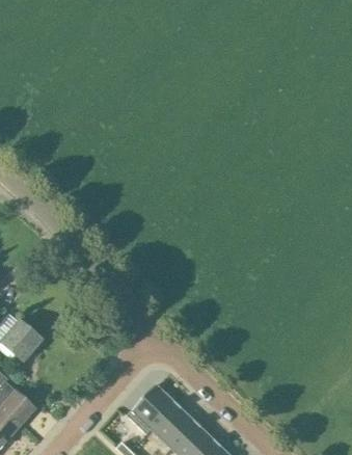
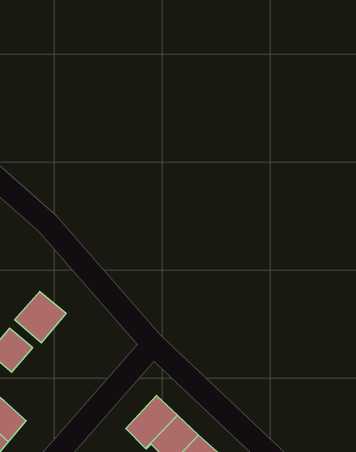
building: none -> [15,291,66,343]

